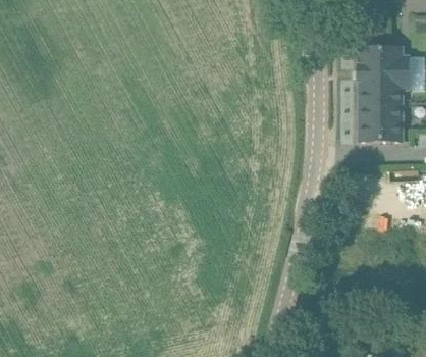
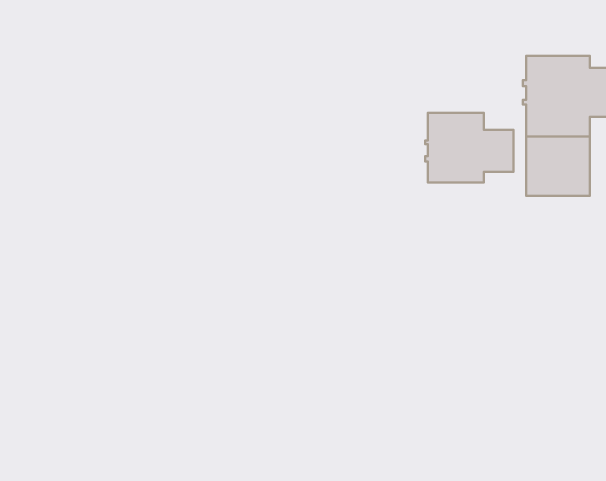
building: none -> [425,113,513,182]

